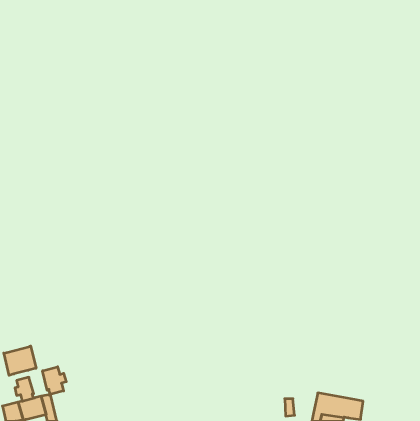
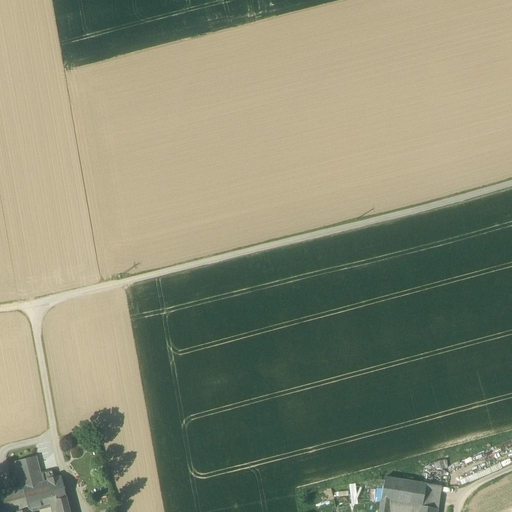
building: [4,346,36,375] -> none
building: [43,367,66,395] -> none

